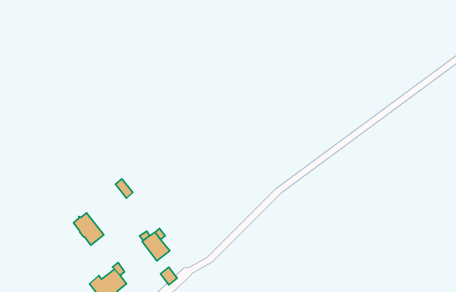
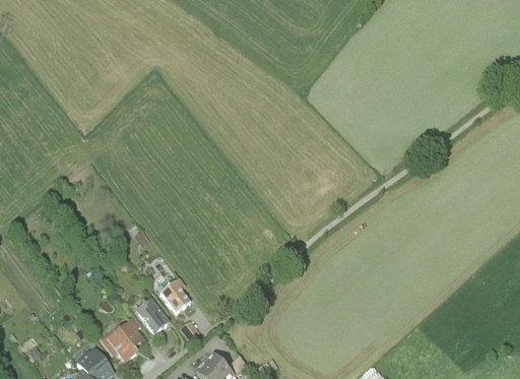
building: [73,213,104,245] -> [136,297,170,332]

